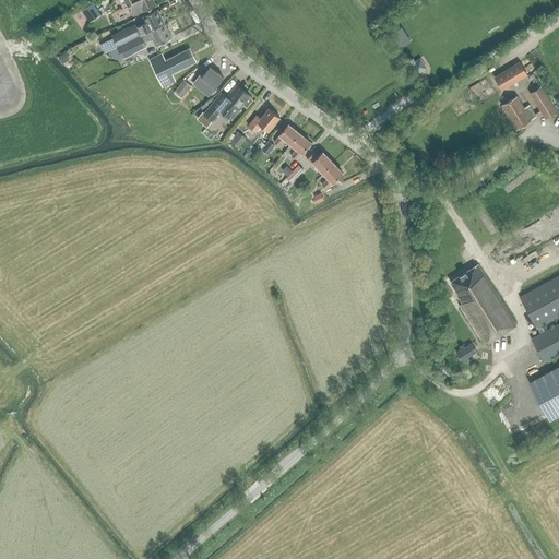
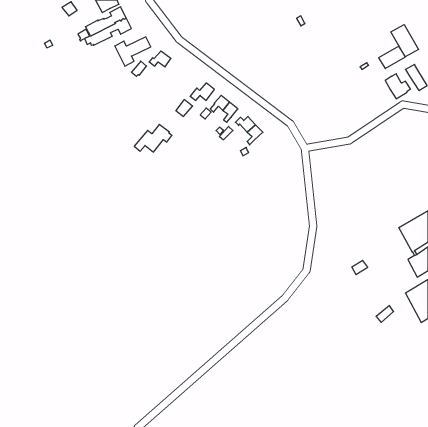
building: none -> [391,25,419,57]
building: [204,86,253,122] -> [134,124,172,152]
building: [450,265,515,346] -> none

